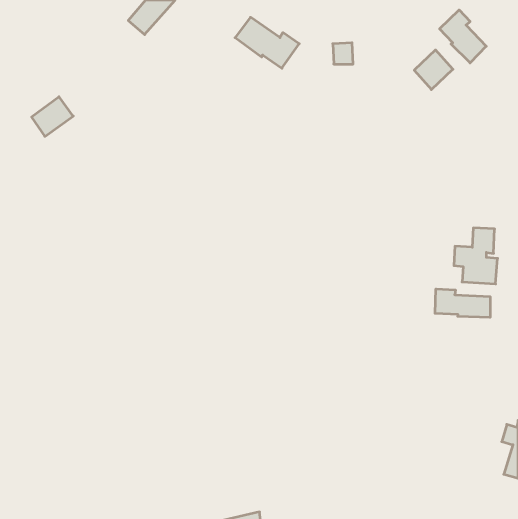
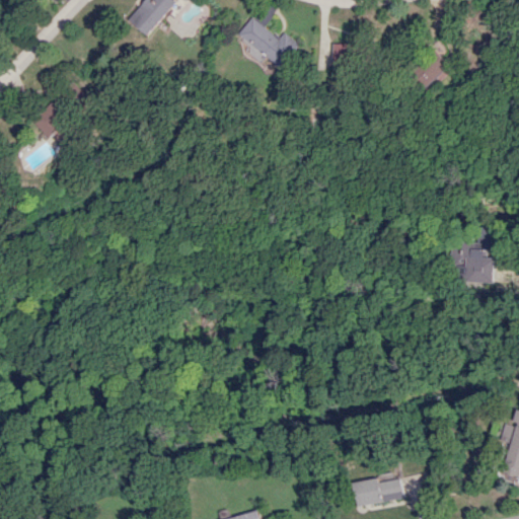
building: [440,10,486,63] -> none
building: [435,289,490,317] -> none
building: none -> [354,479,403,506]

